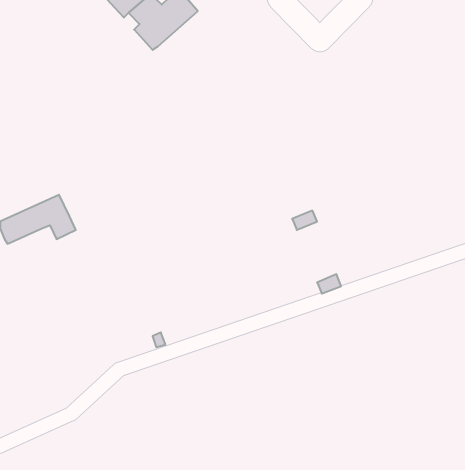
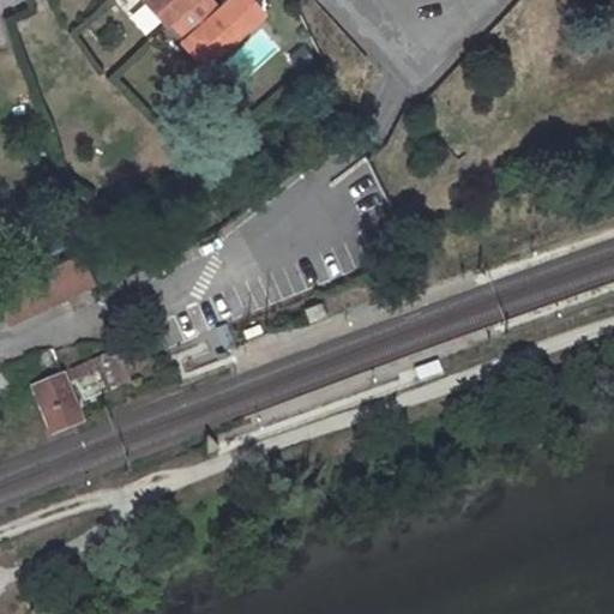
building: none -> [28,371,84,438]

